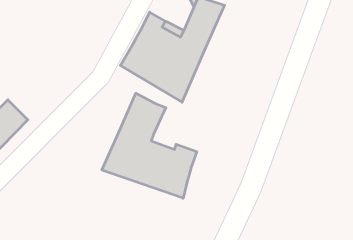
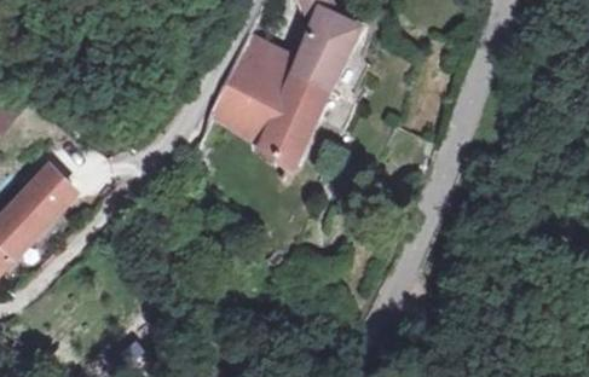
building: [102,93,197,198] -> none

